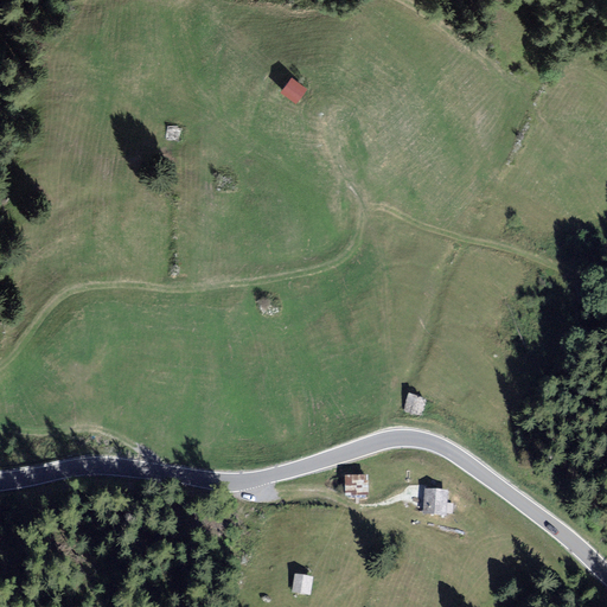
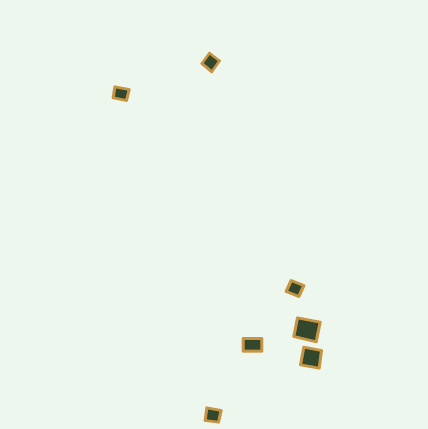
building: none -> [294,318,320,342]

